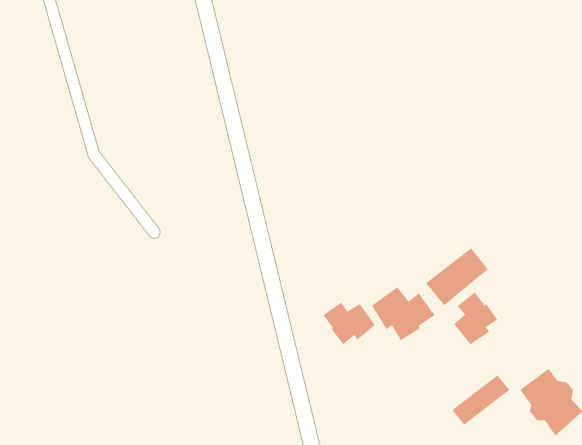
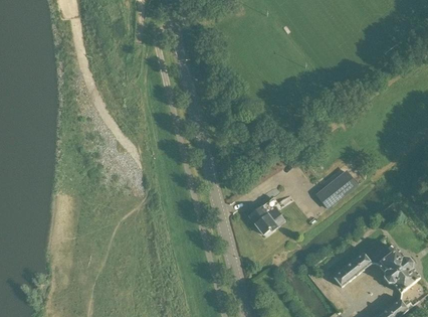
building: [371,287,438,341] -> none
building: [454,290,498,345] -> none

